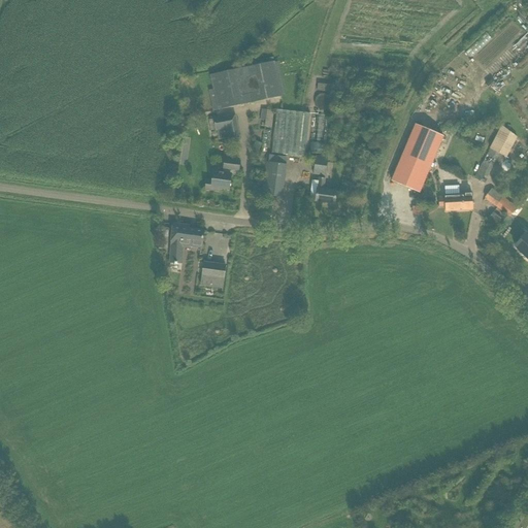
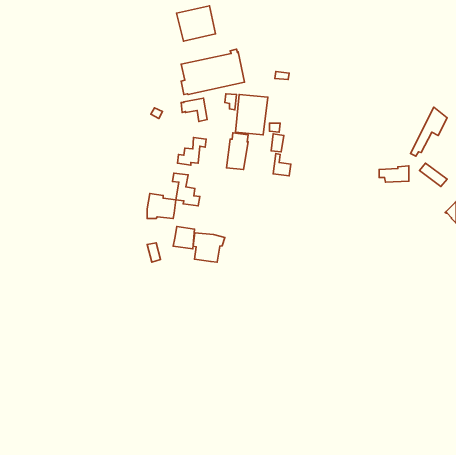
building: none -> [176,6,216,41]
building: [391,124,443,192] -> none
building: none -> [173,173,200,206]
building: none -> [193,233,225,262]

